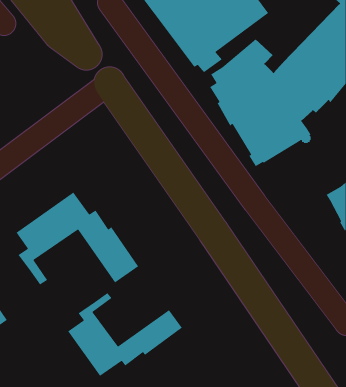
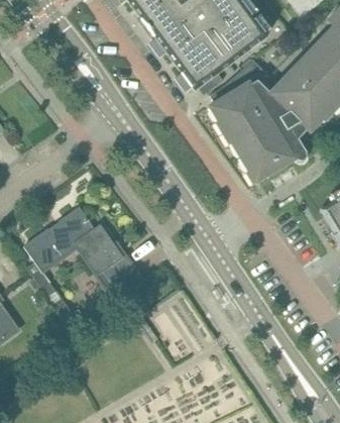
building: [67,292,183,377] -> none

